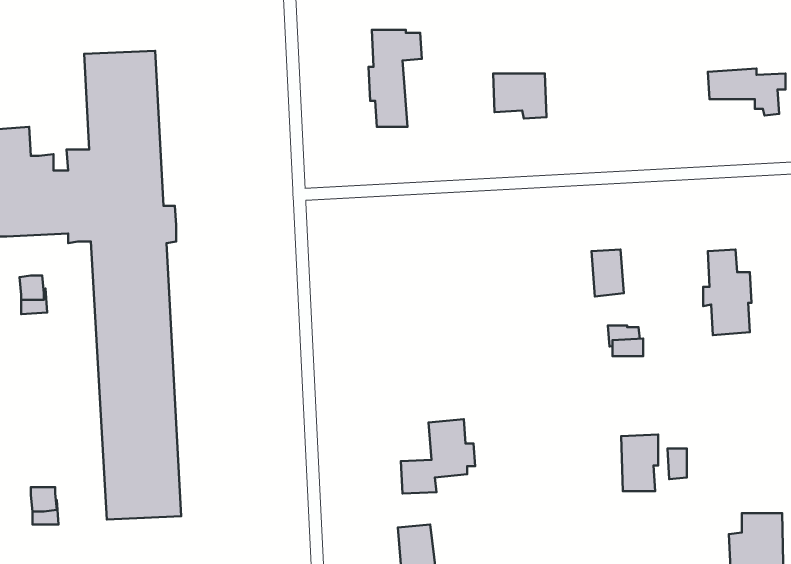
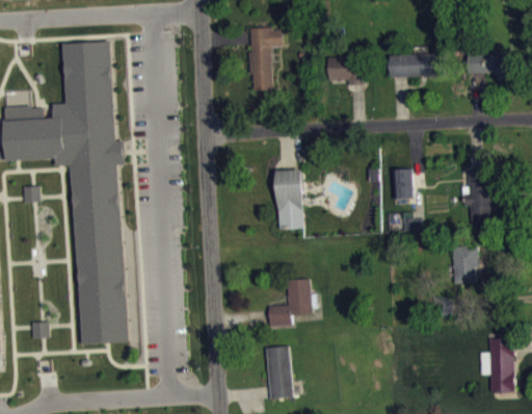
building: none -> [389,54,444,77]
building: none -> [275,171,302,229]
building: [621,435,658,491] -> [452,247,476,283]

